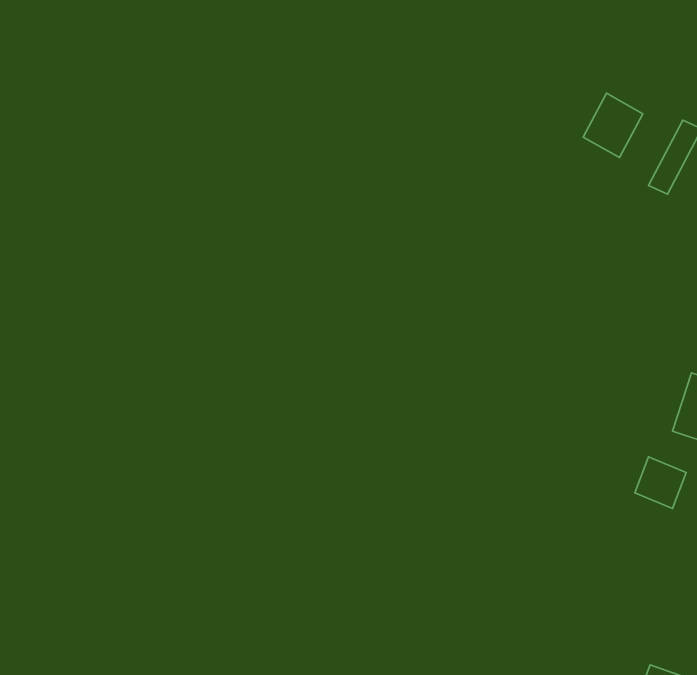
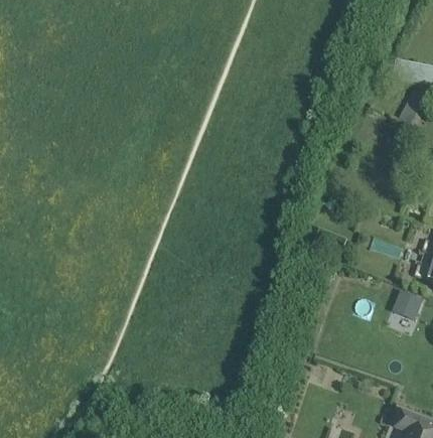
building: [583,93,643,158] -> none

